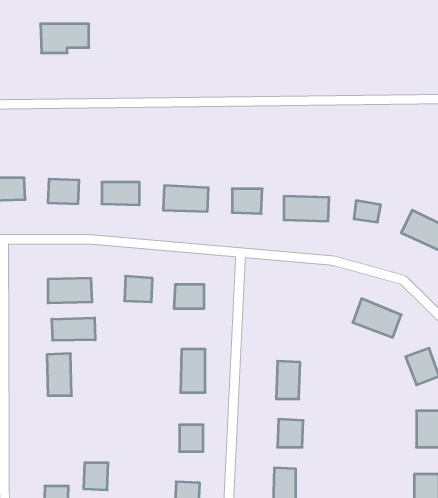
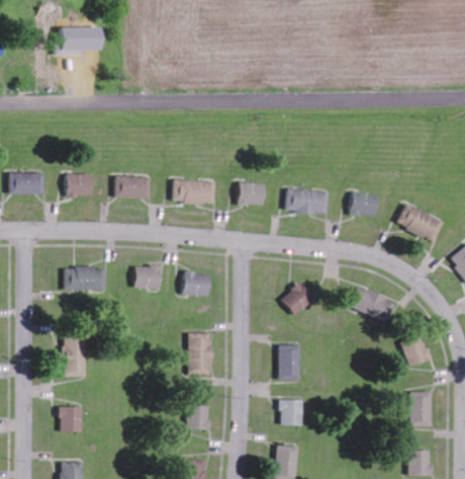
building: none -> [280,281,315,316]
building: [52,318,95,340] -> none
building: [84,463,108,490] -> [59,406,82,431]

